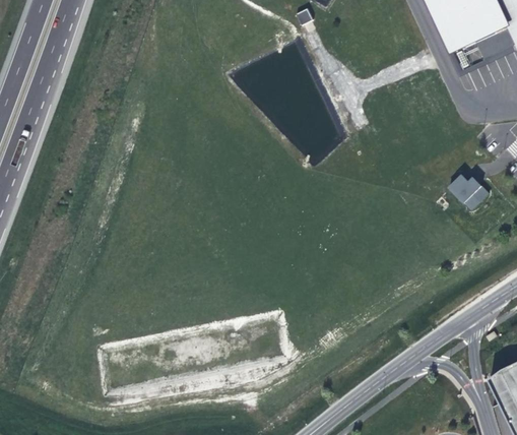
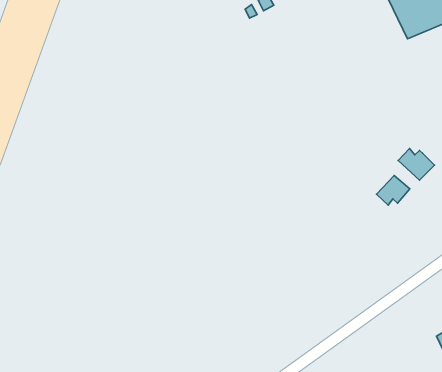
building: none -> [377,175,410,205]

